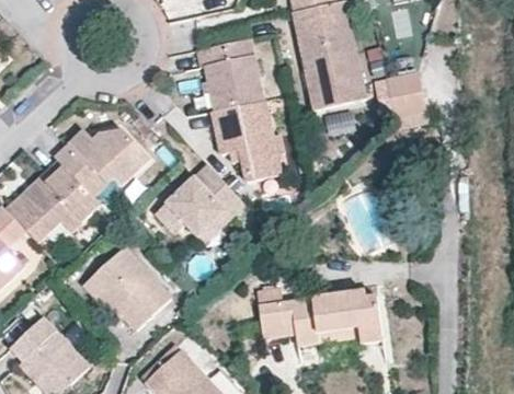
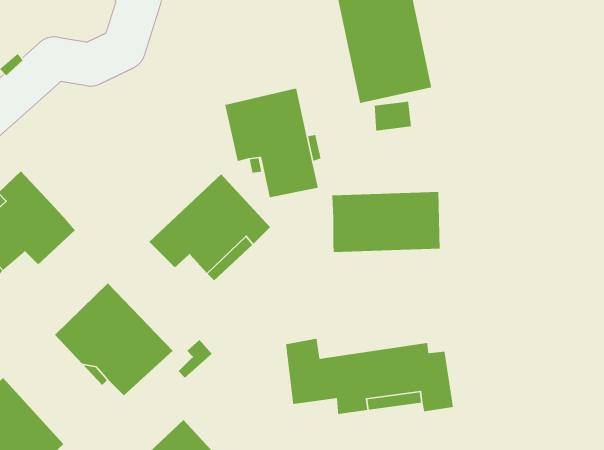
building: [196,37,264,109] -> none
building: [384,70,427,127] -> none
building: [54,128,150,197] -> none
building: none -> [331,191,441,253]

